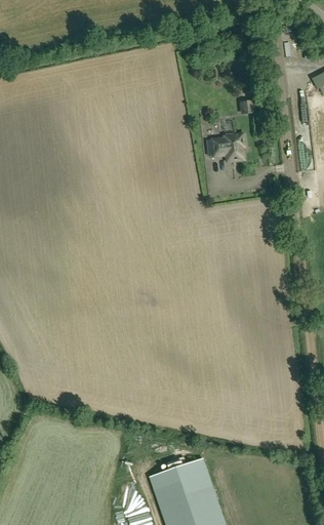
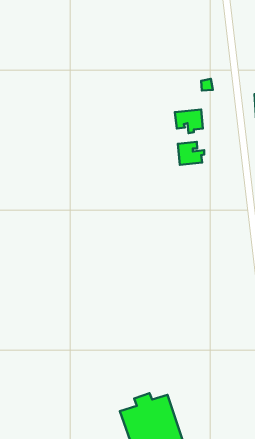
building: none -> [178,142,204,165]

